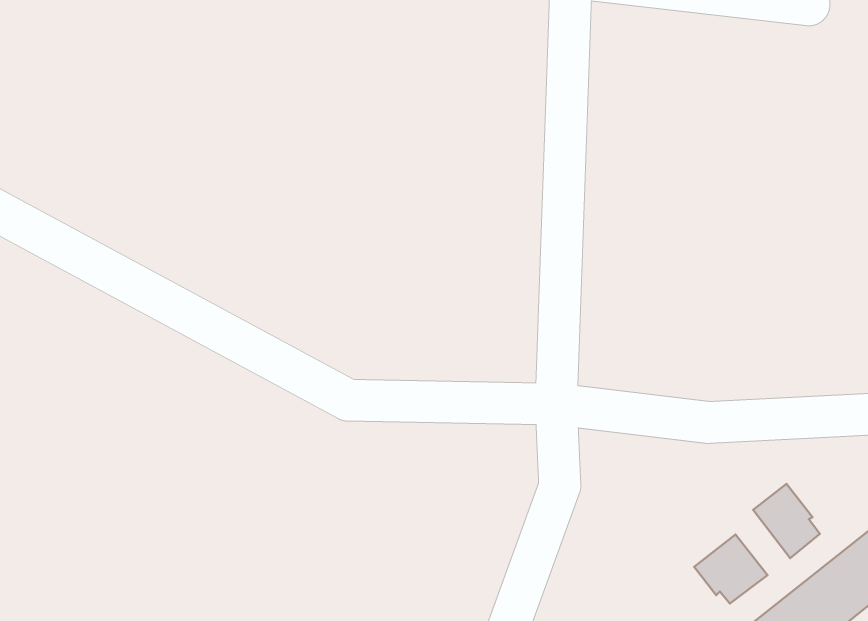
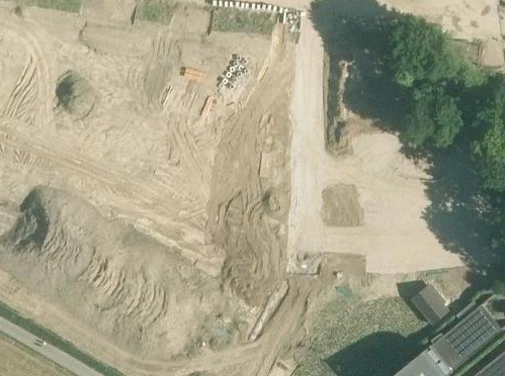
building: [694,535,767,604] -> none

